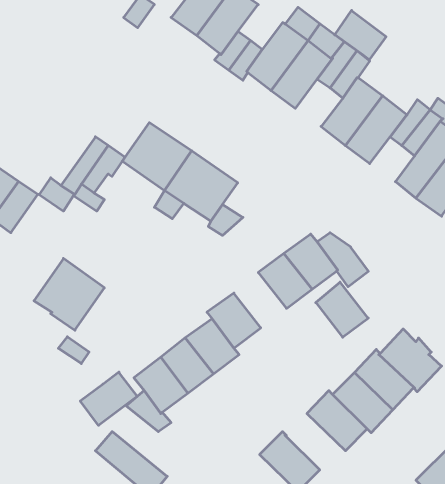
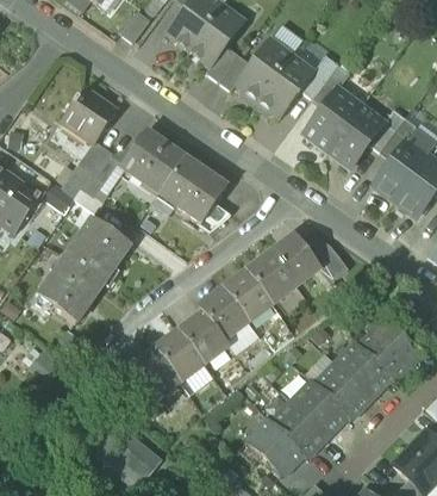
building: [335,10,386,60] -> none
building: none -> [61,87,117,143]
building: none -> [64,217,130,284]
building: [316,282,368,337] -> [223,269,271,321]
building: [80,372,137,425] -> none
building: none -> [270,401,326,457]

